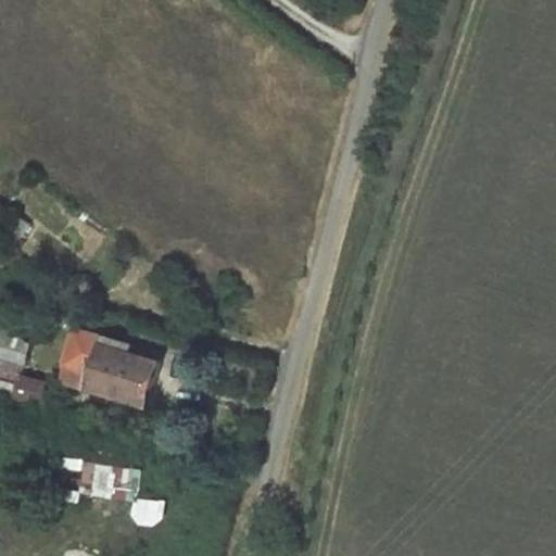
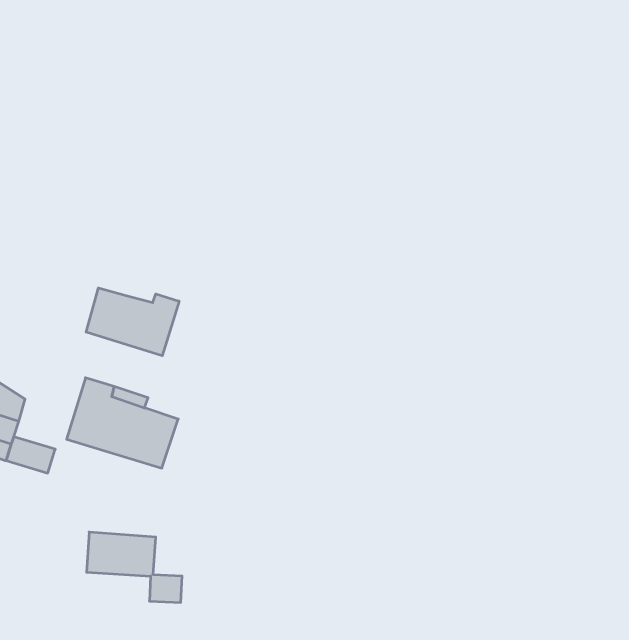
building: none -> [86,288,179,356]

